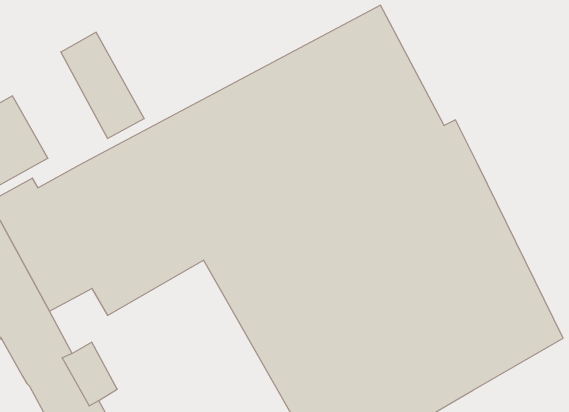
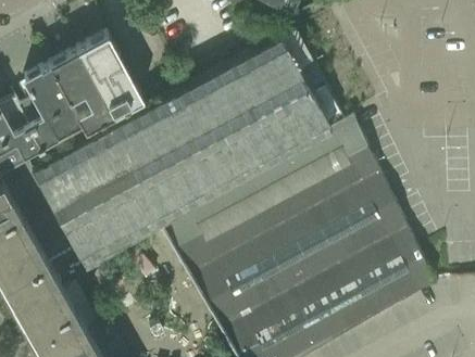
building: none -> [78,38,145,120]
building: none -> [14,69,87,151]

